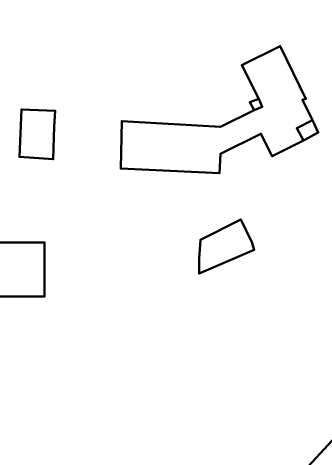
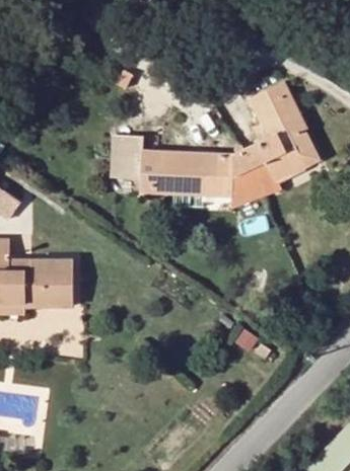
building: [19,110,55,159] -> [111,134,143,178]
building: [199,220,254,274] -> [230,160,280,209]

